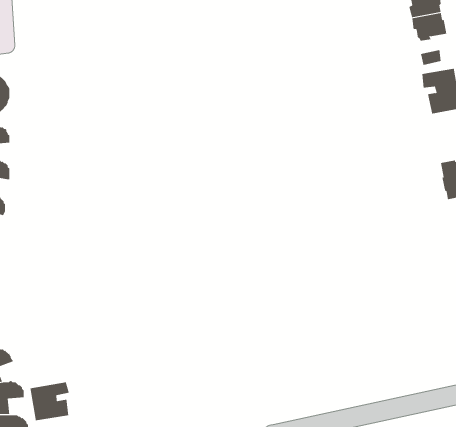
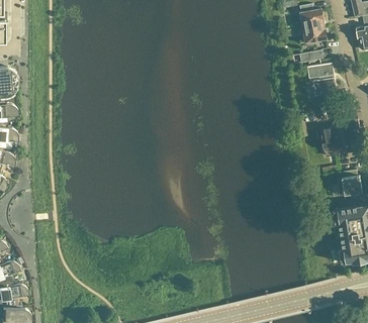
building: [30,382,69,421] -> none

